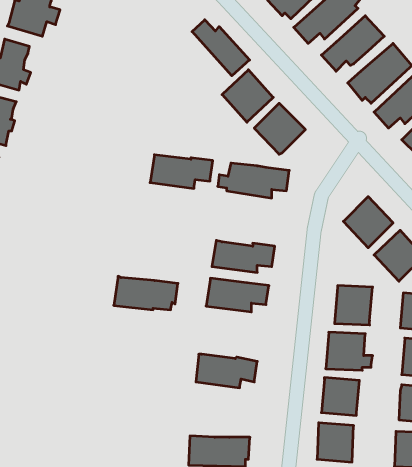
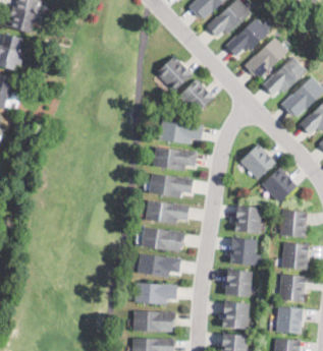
building: [192,20,250,76] -> none
building: [150,155,213,188] -> [154,148,198,171]
building: [114,276,178,310] -> [142,227,186,250]
building: none -> [134,282,178,304]

